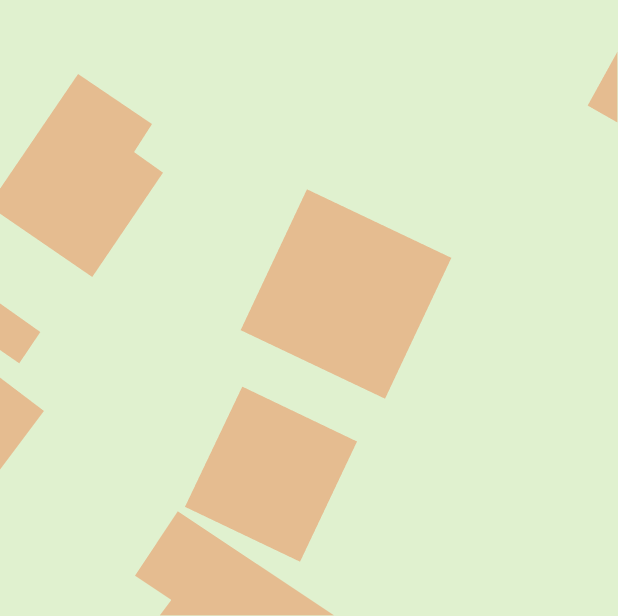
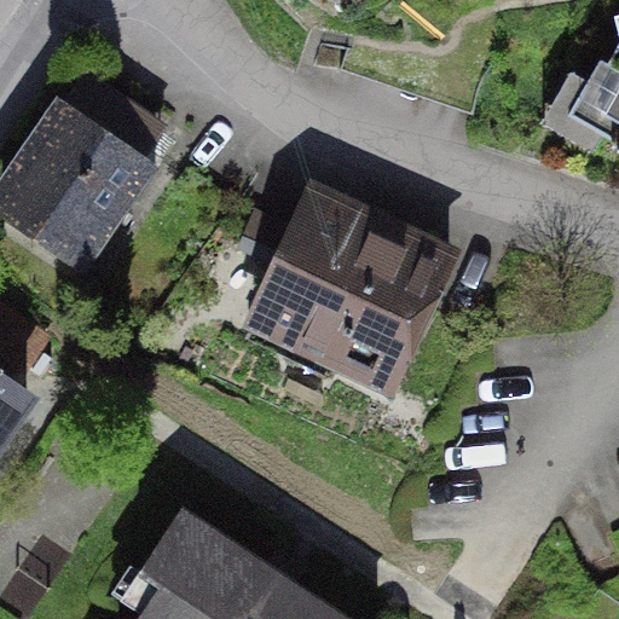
building: [184,386,358,563] -> none

